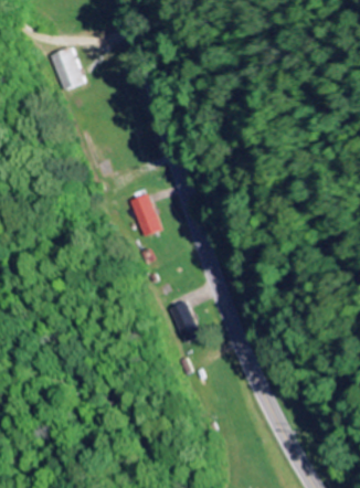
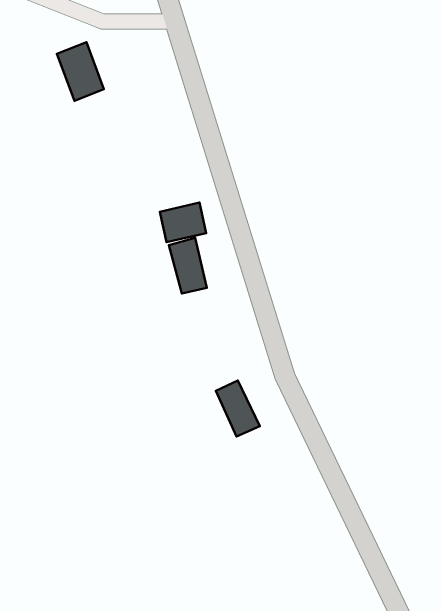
building: none -> [160,203,206,242]

